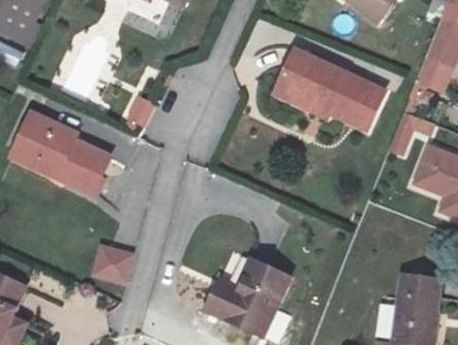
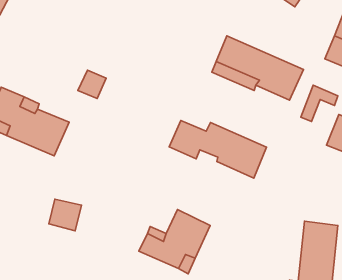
building: none -> [169,121,267,178]

